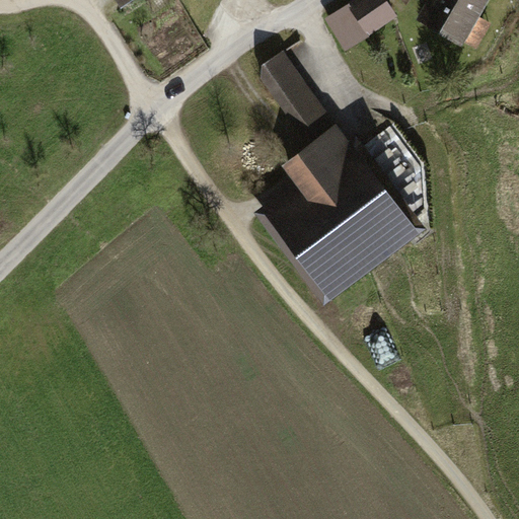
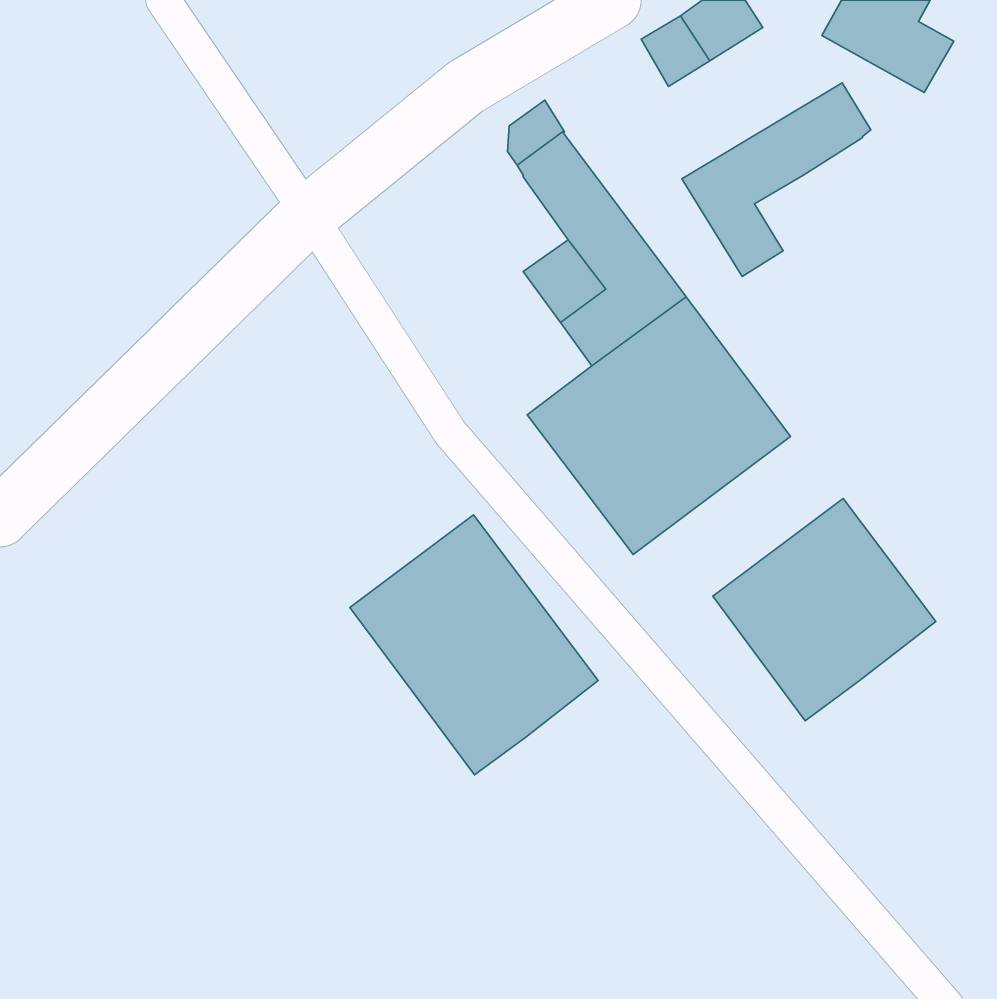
building: none -> [682,83,871,276]
building: none -> [713,498,936,721]
building: none -> [350,515,598,775]

